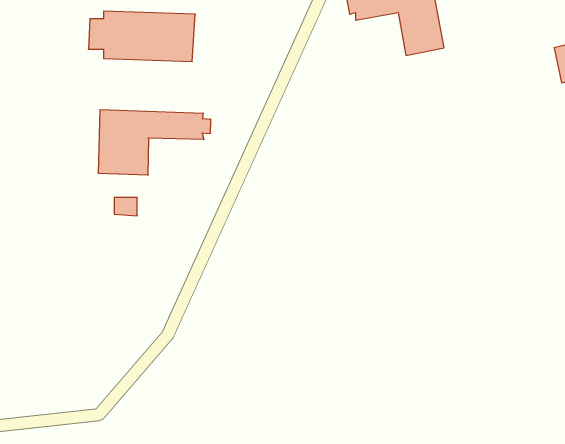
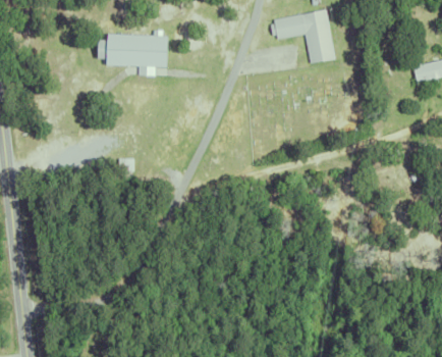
building: [98,110,210,175] -> none

